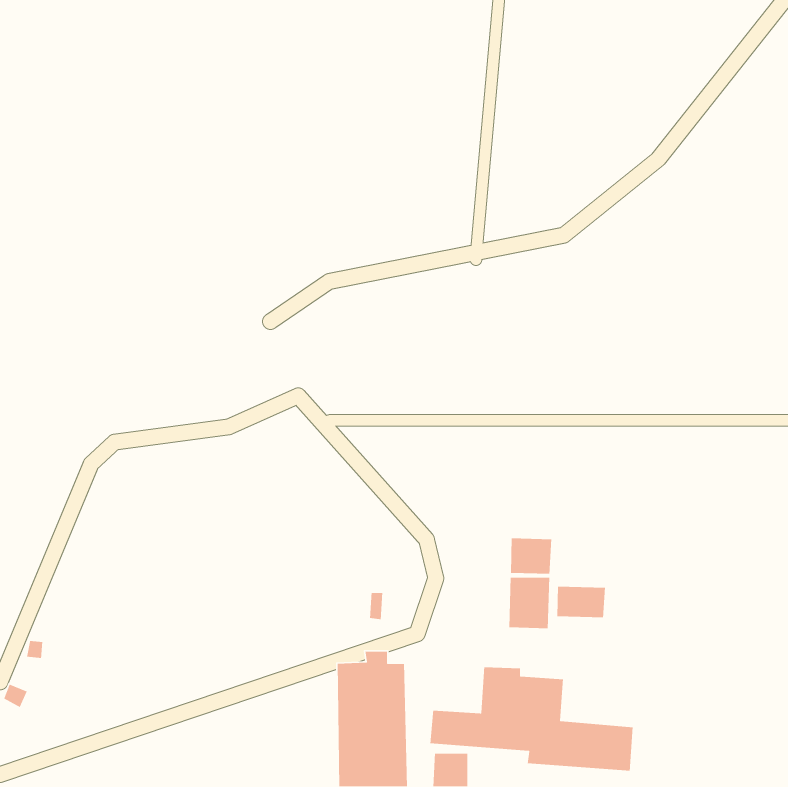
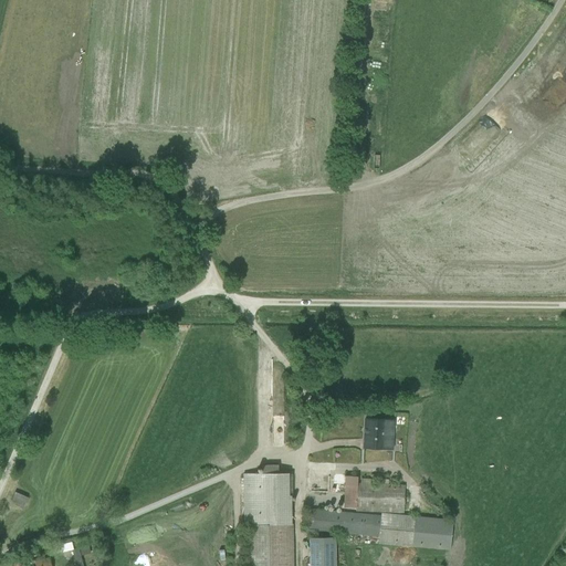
building: [510,538,552,575] -> none
building: [557,586,606,618] -> none

